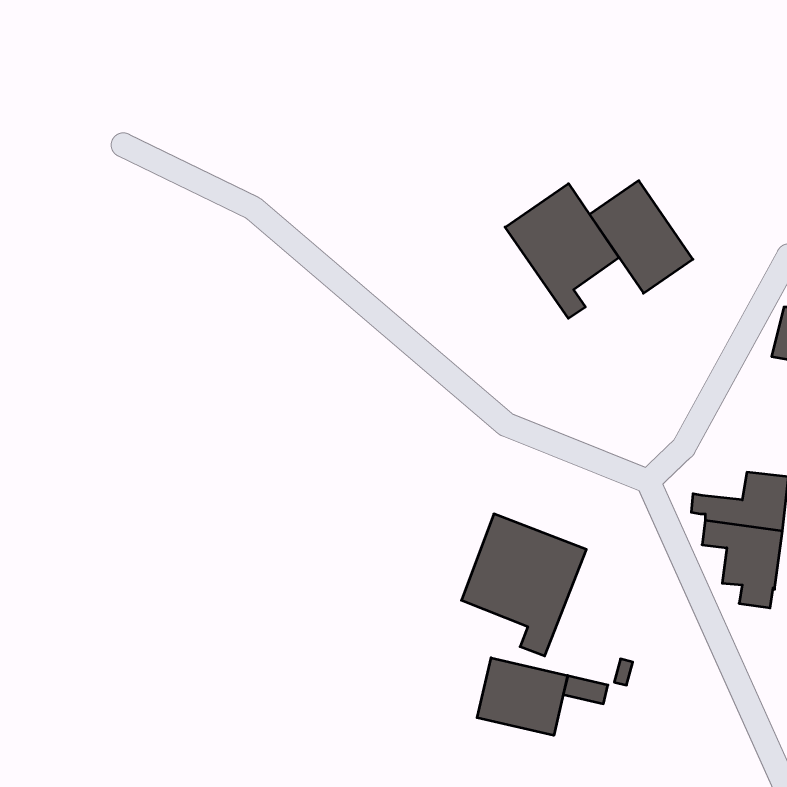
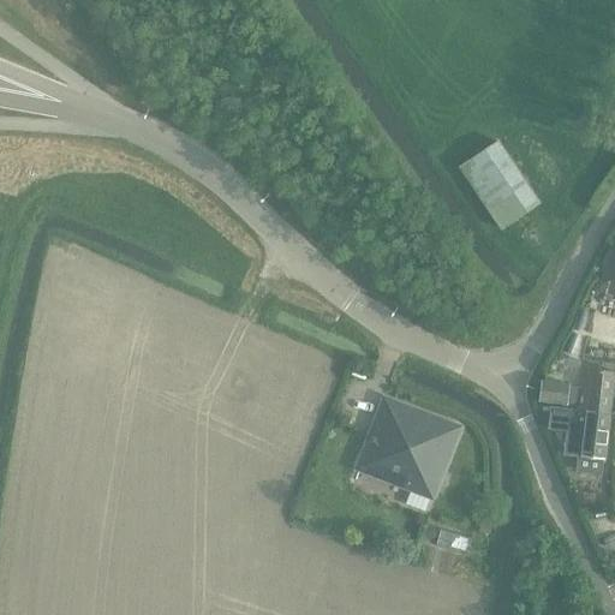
building: [505,184,619,318] -> none
building: [477,658,568,735] -> none

